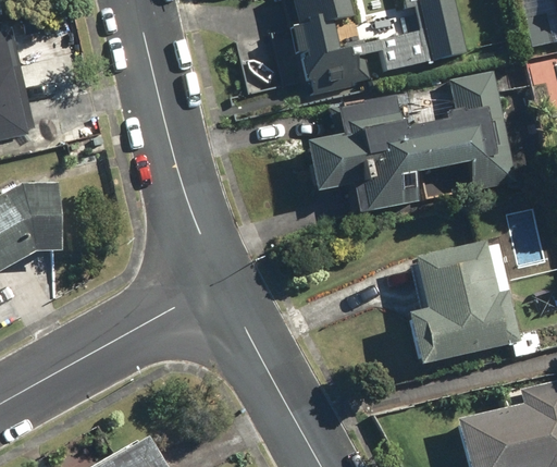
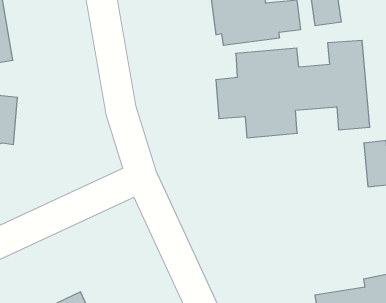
building: [408,238,542,364] -> none

